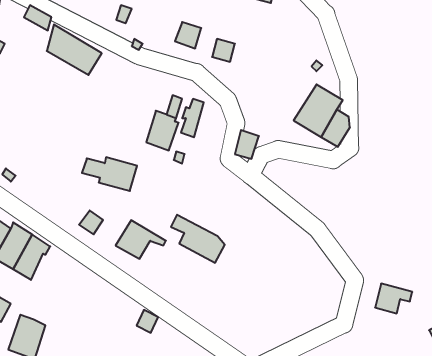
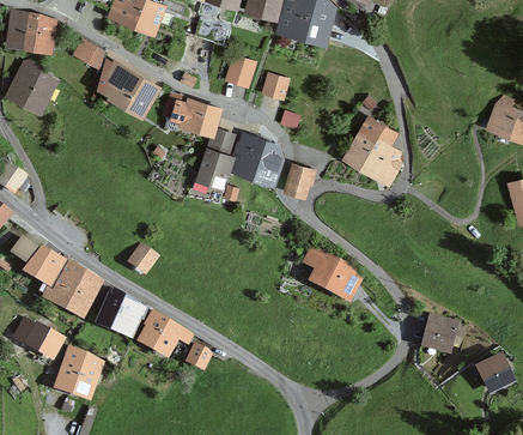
building: none -> [245,139,282,183]
building: [82,157,137,191] -> [164,101,219,134]
building: [171,215,225,263] -> [304,252,358,300]
building: [116,220,166,259] -> [141,315,191,354]
building: none -> [101,290,139,336]

